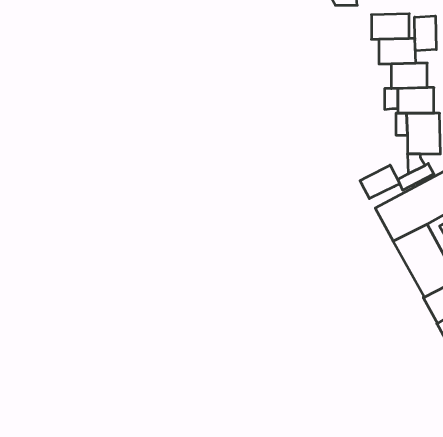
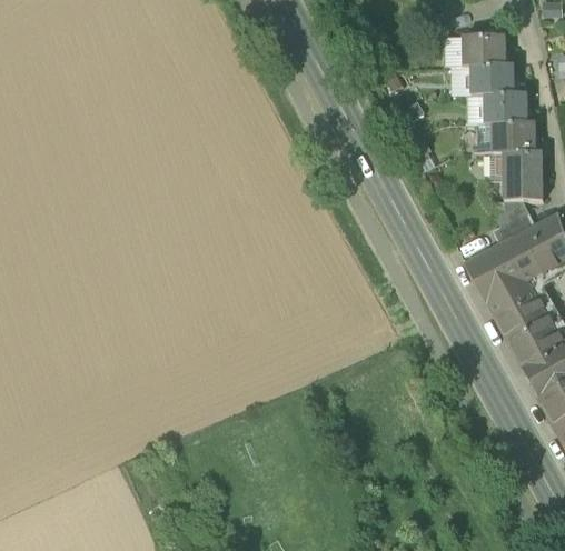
building: [415,16,436,51] -> none
building: [360,165,400,199] -> none

